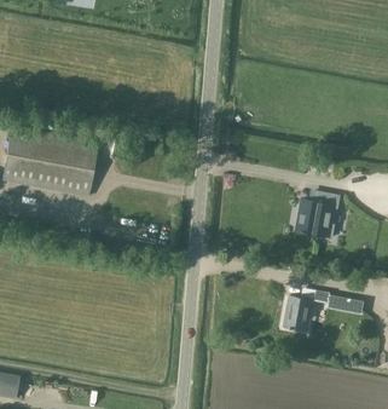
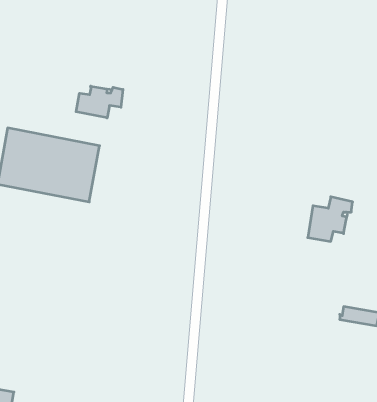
building: none -> [76,86,123,118]
building: [284,288,330,330] -> none

